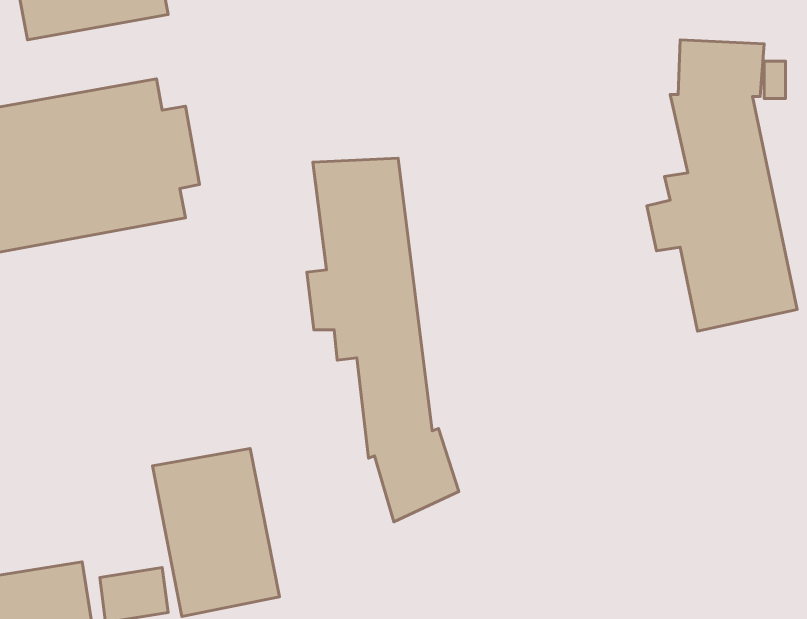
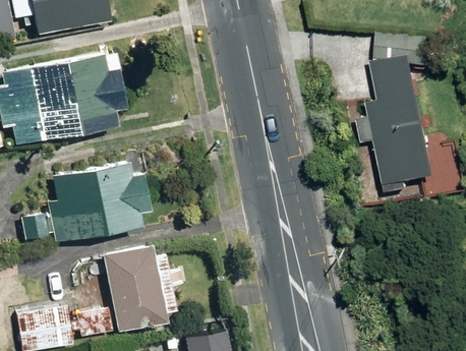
building: [307,158,459,522] -> none
building: none -> [47,161,150,242]

